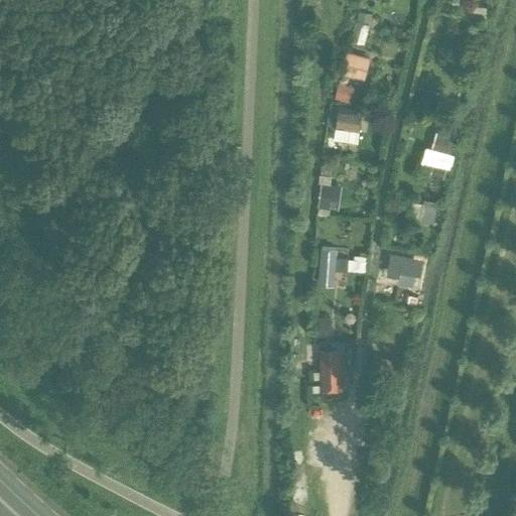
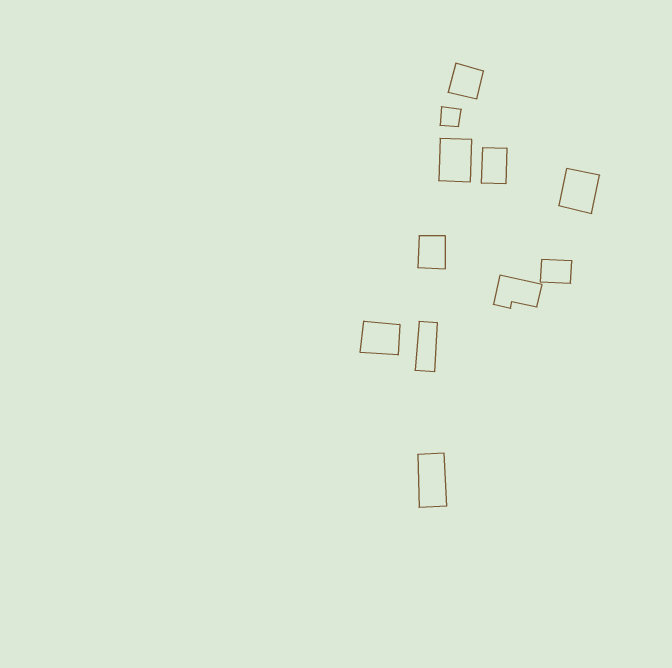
building: none -> [482,148,507,184]
building: none -> [360,321,400,355]
building: [385,255,422,280] -> [493,275,542,308]

